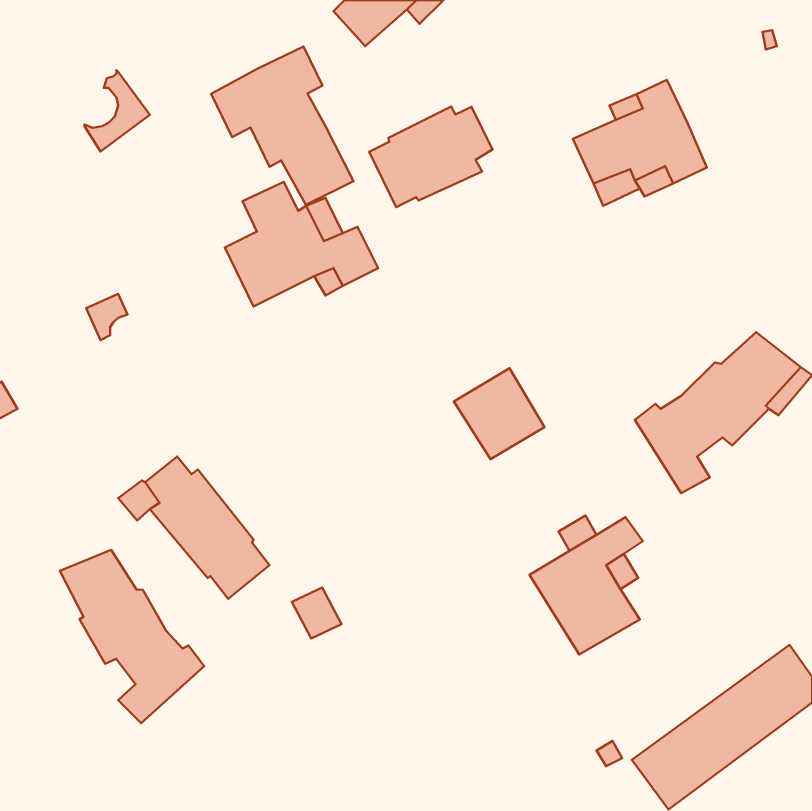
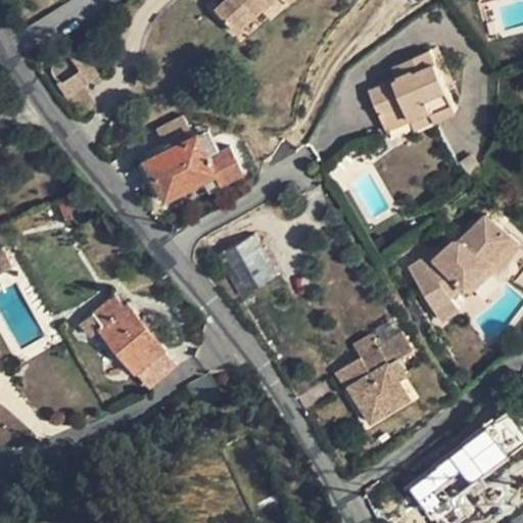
building: [211,47,353,205] -> none
building: [369,106,492,207] -> none
building: [454,368,545,459] -> [218,238,276,296]
building: [60,550,204,723] -> none

